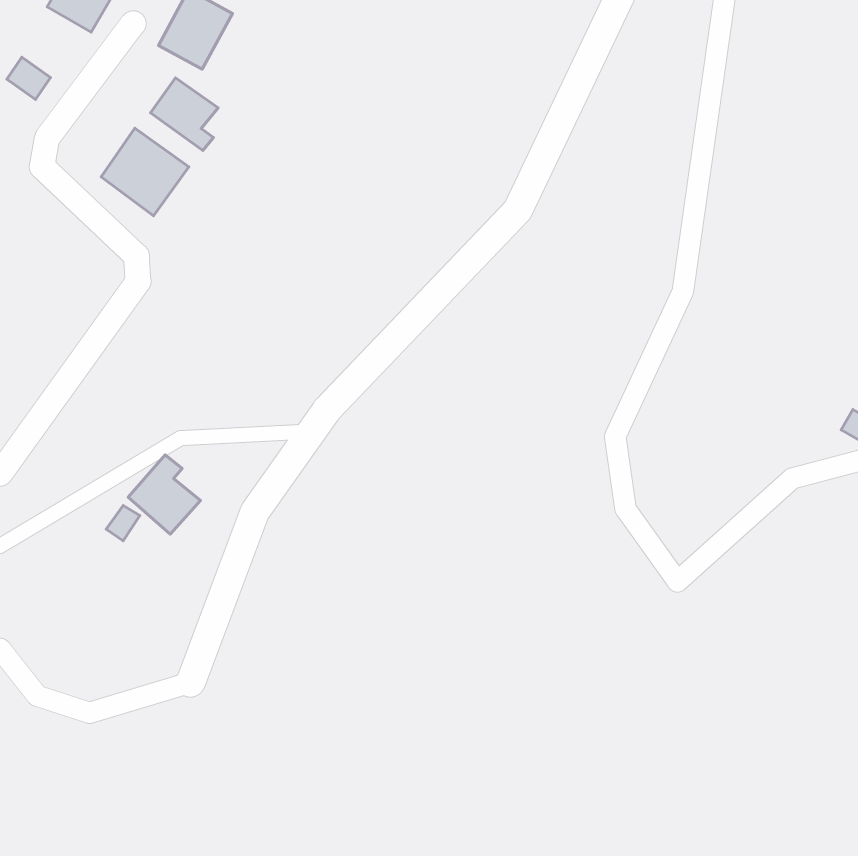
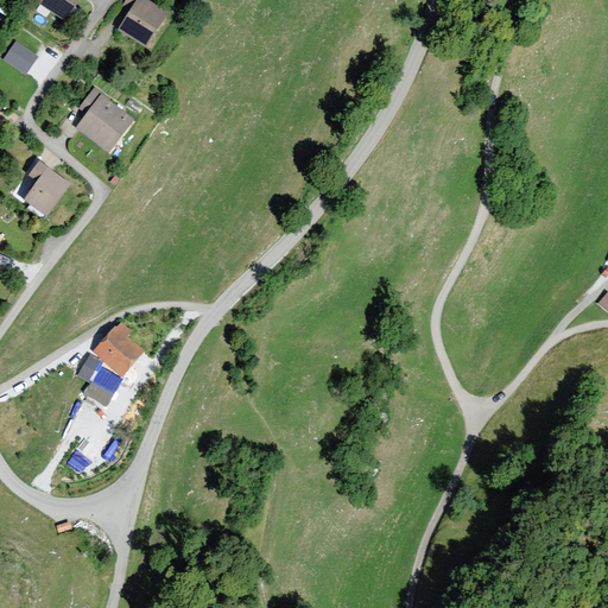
building: [150,78,218,150] -> none
building: none -> [13,160,70,218]

